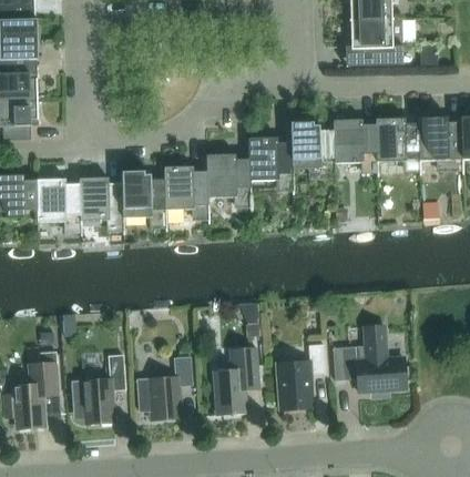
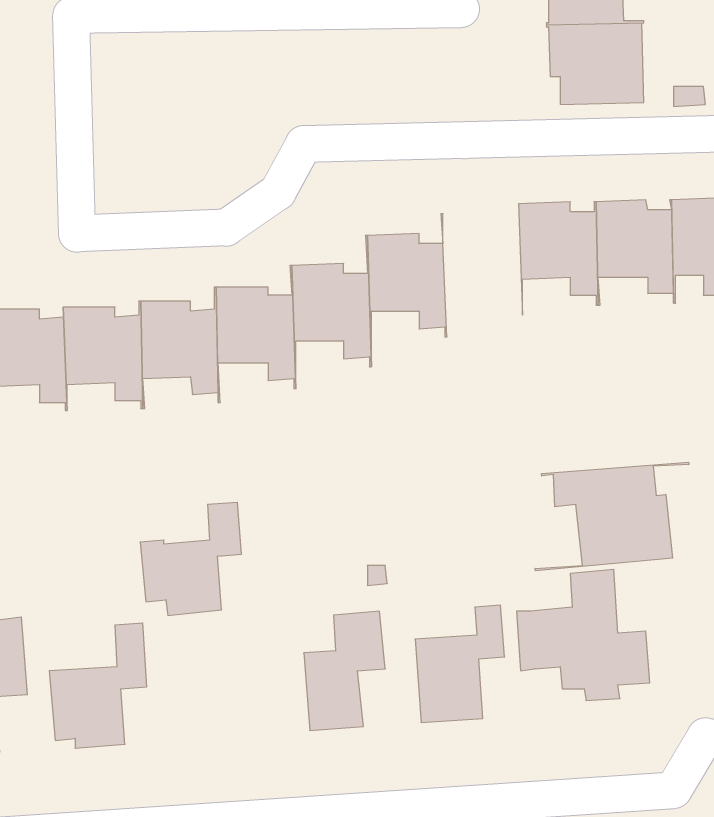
building: [290,120,335,194] -> none
building: none -> [535,462,689,571]
building: [135,356,192,419] -> [140,502,241,616]

